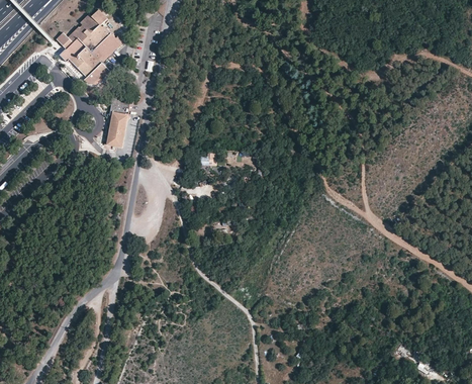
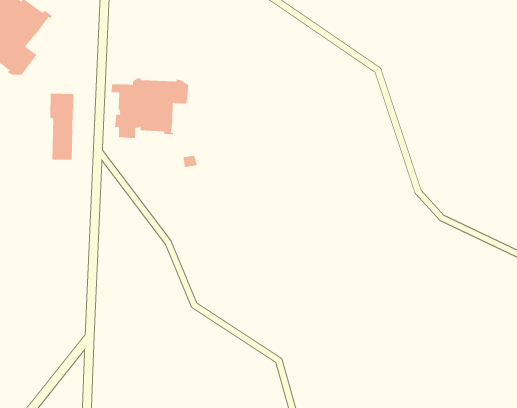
building: none -> [111,78,189,139]

